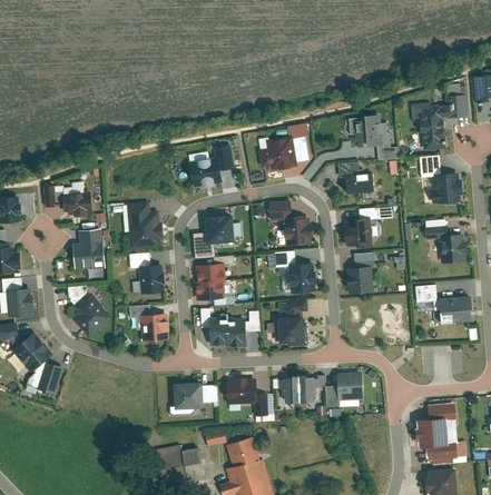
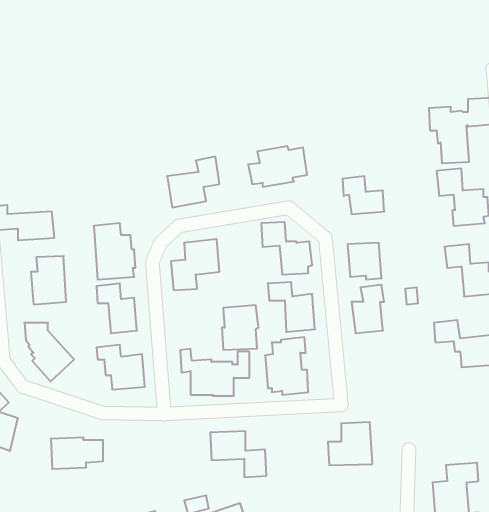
building: [348,113,397,159] -> none
building: [195,261,226,299] -> [222,305,259,350]
building: [272,374,325,403] -> none
building: [174,382,218,408] -> [51,437,103,469]

